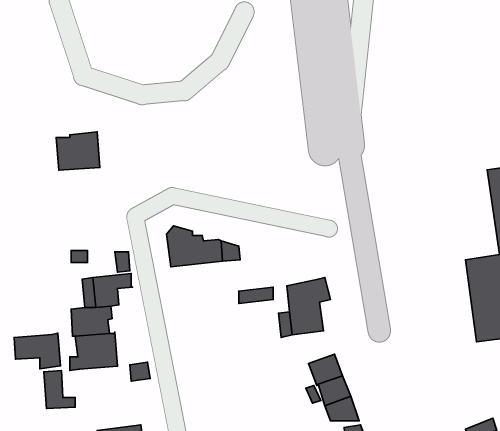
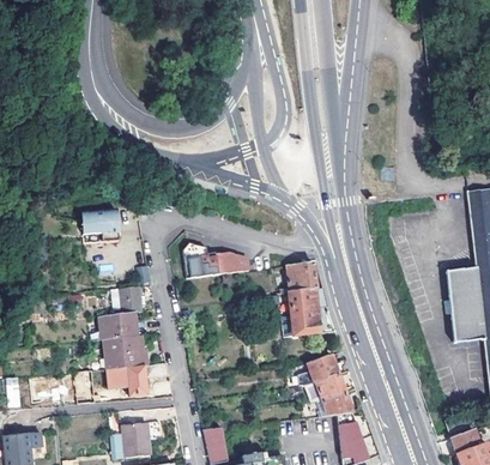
building: [56,132,100,170] -> [80,210,119,243]
building: none -> [282,261,316,296]
building: [14,333,60,369] -> [107,364,147,395]

